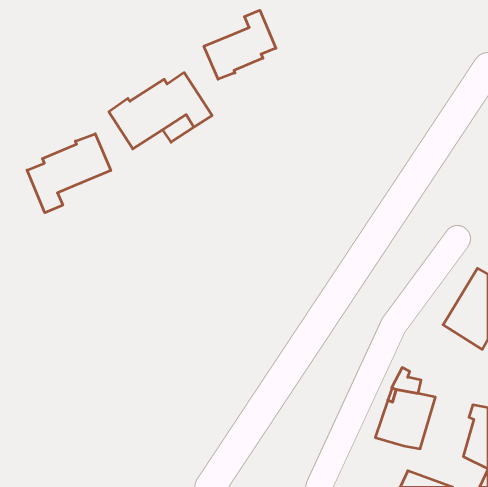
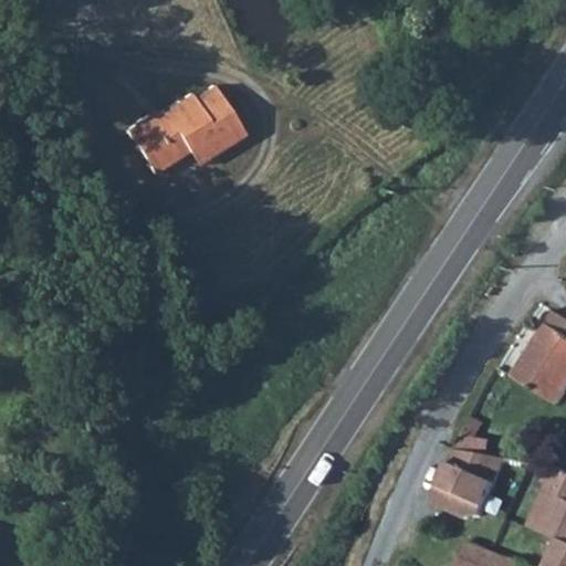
building: [204,10,276,79] -> none
building: [27,134,111,213] -> none

